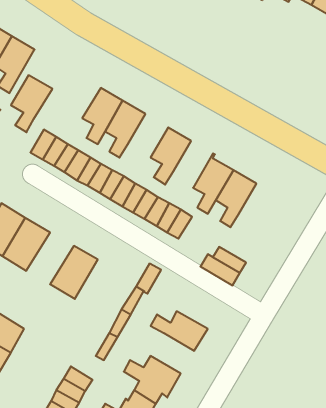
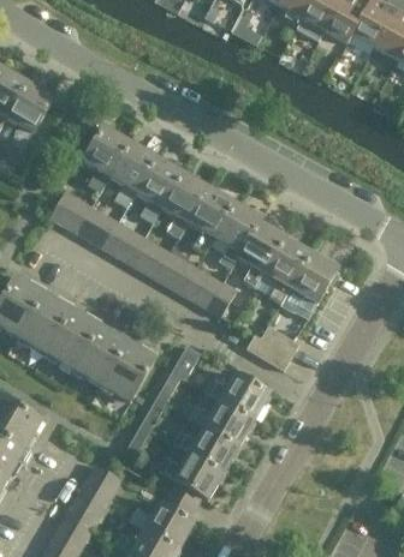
building: [11,75,52,132] -> [82,126,130,192]
building: none -> [161,172,208,238]
building: none -> [214,203,260,268]
building: none -> [290,252,338,319]
building: none -> [43,309,99,369]
building: none -> [100,340,155,402]
building: none -> [203,372,269,420]
building: none -> [172,425,238,472]

